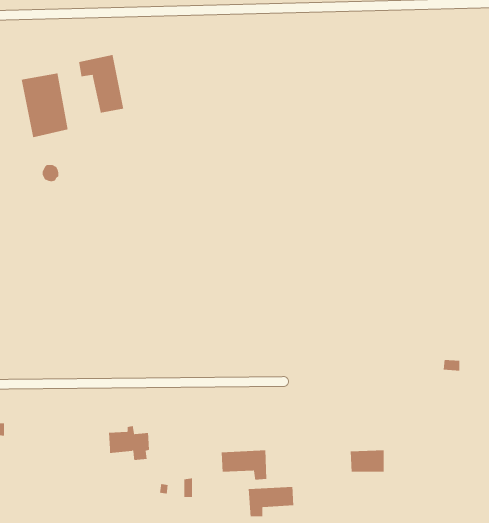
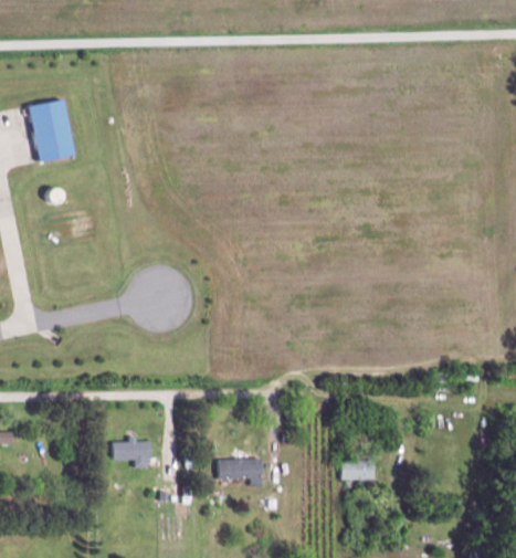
building: [79,54,124,114] -> none
building: [248,486,294,517] -> none

